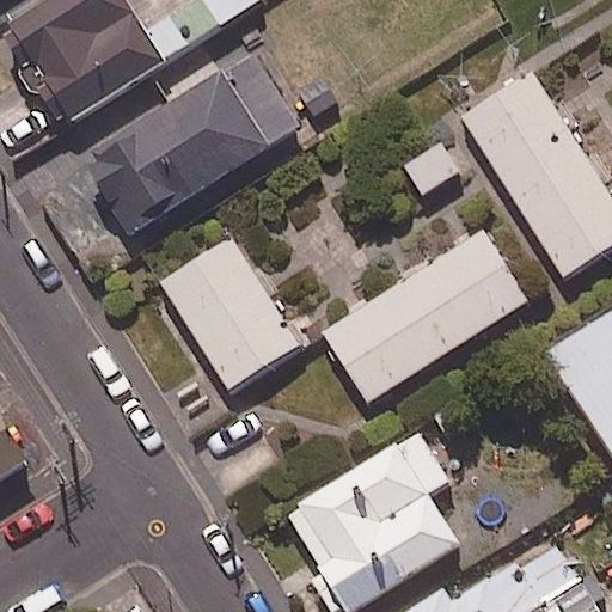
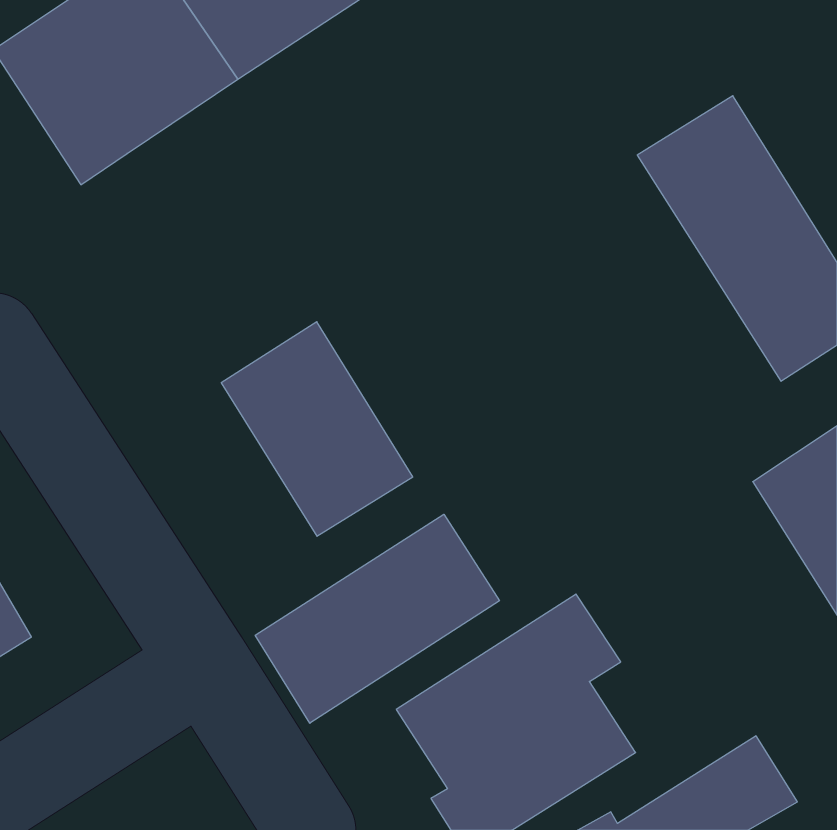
building: [84,51,300,237] -> none
building: [322,227,526,402] -> none
building: none -> [255,514,499,723]

